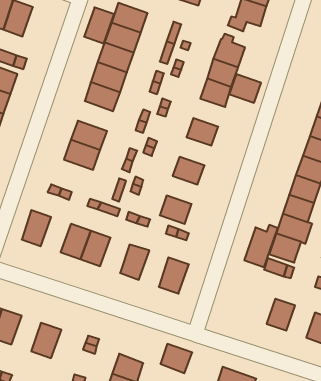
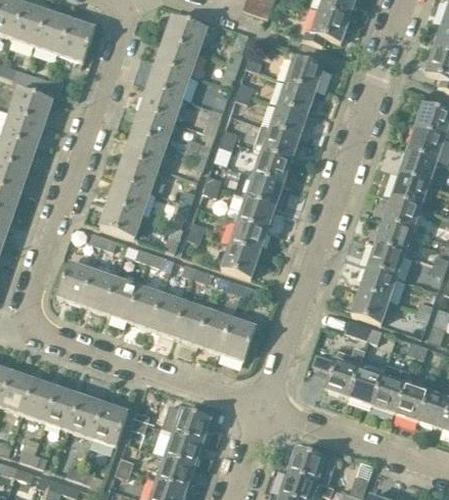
building: [84,7,114,44] -> [58,19,94,62]
building: [229,74,261,103] -> [261,128,299,162]
building: none -> [124,131,166,167]
building: none -> [233,170,282,208]
building: none -> [99,200,142,236]
building: none -> [229,220,266,254]
building: none -> [80,269,116,311]
building: [244,225,278,267] -> [324,346,364,396]
building: none -> [150,293,185,335]
building: none -> [196,309,231,352]
building: none -> [371,374,405,412]
building: none -> [45,387,80,428]
building: none -> [92,403,128,445]
building: [160,344,192,373] -> [173,408,211,443]

